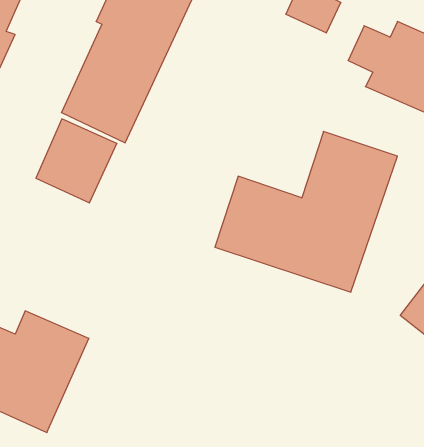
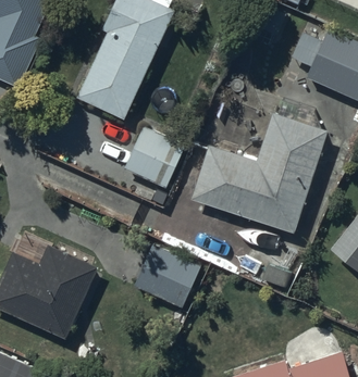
building: [36,119,117,203] -> [124,126,185,189]
building: none -> [134,244,201,307]

